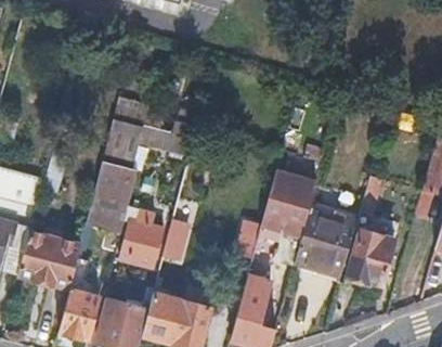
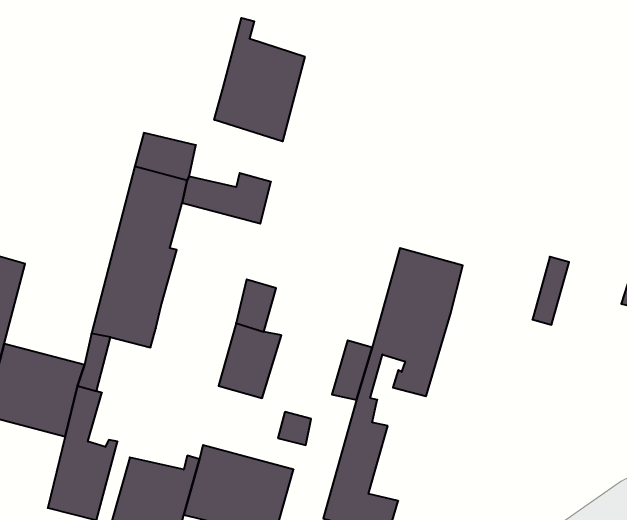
building: none -> [214,18,305,141]
building: [120,206,164,267] -> none
building: [292,211,354,275] -> none
building: [346,231,390,285] -> none

